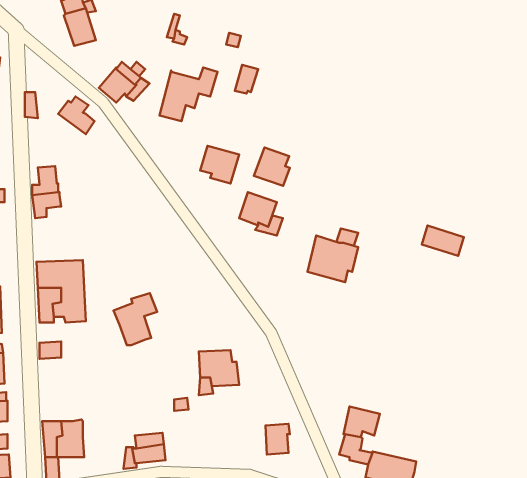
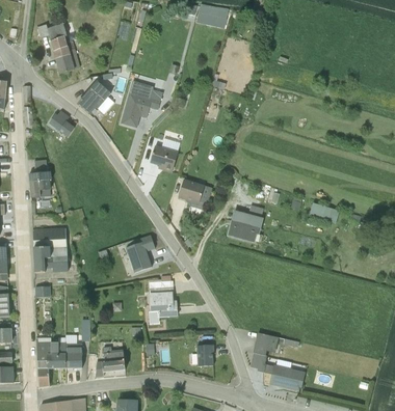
building: [254,148,290,186] -> none
building: [114,293,157,345] -> [125,234,156,271]
building: none -> [65,341,82,367]

